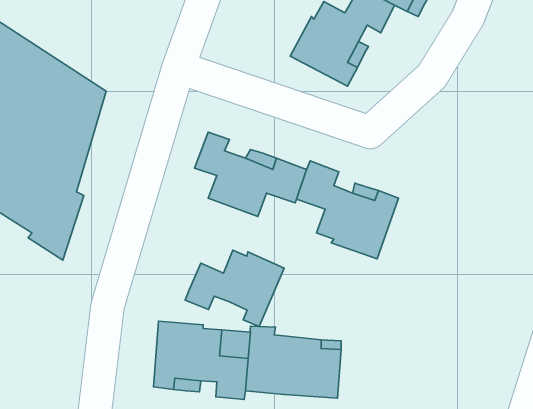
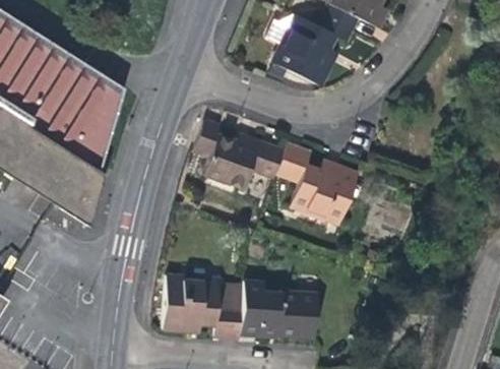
building: [185,250,284,326] -> none

